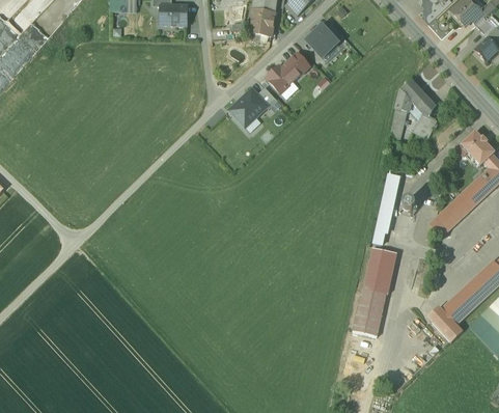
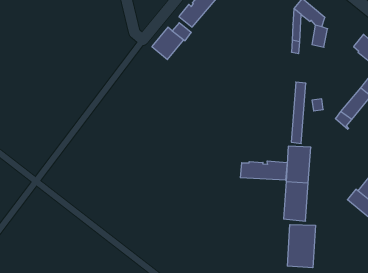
building: none -> [240,161,287,180]
building: none -> [287,225,315,268]

